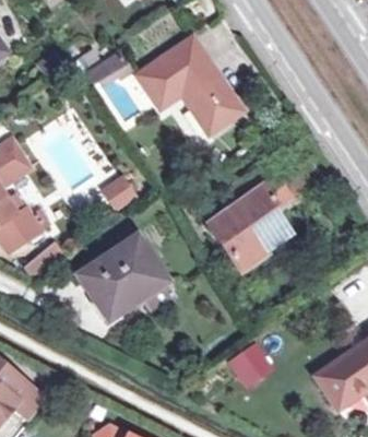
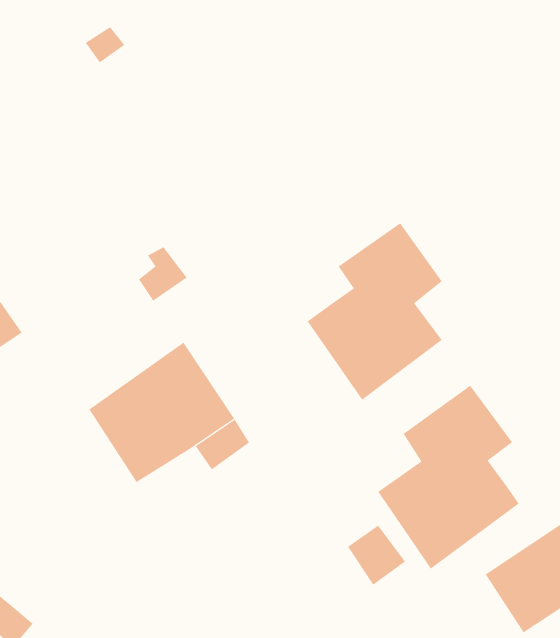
building: [138,38,242,134] -> none
building: none -> [377,385,520,569]

